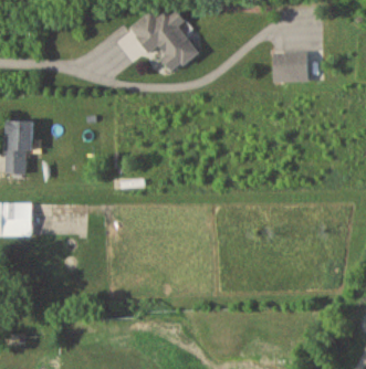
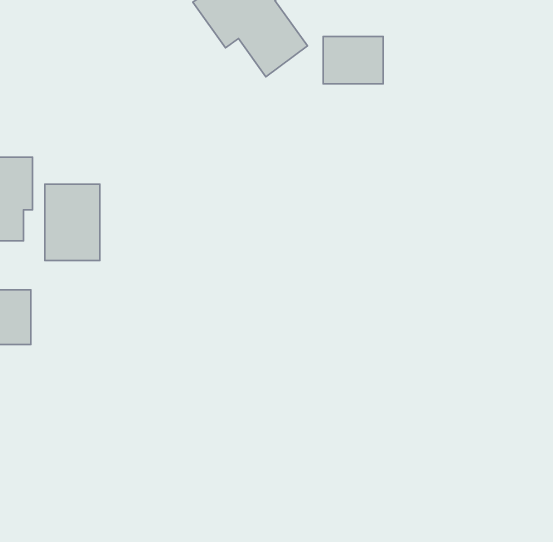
building: [273,52,310,81] -> [323,37,383,84]
building: none -> [45,184,100,261]

